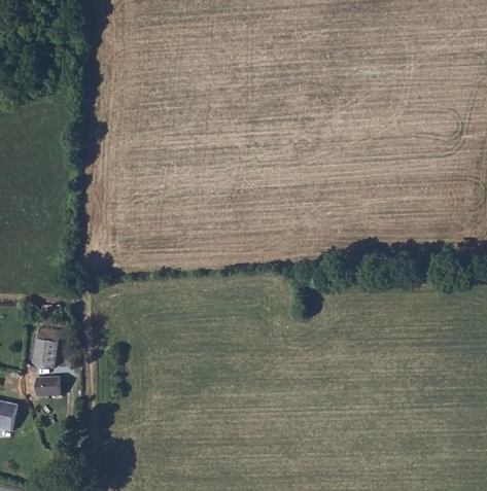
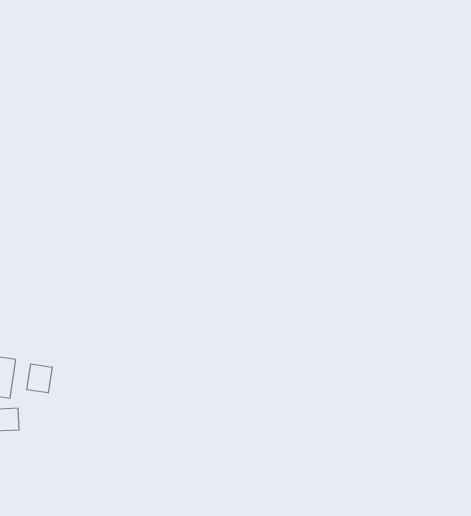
building: none -> [27,364,52,393]

